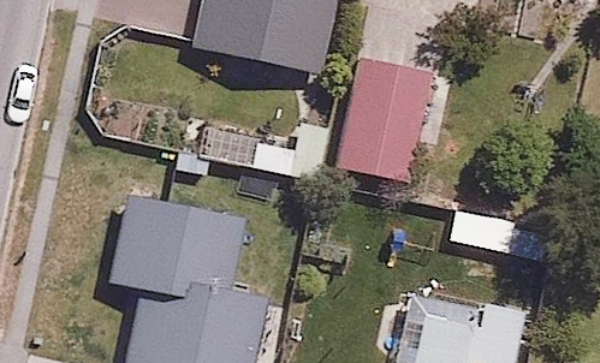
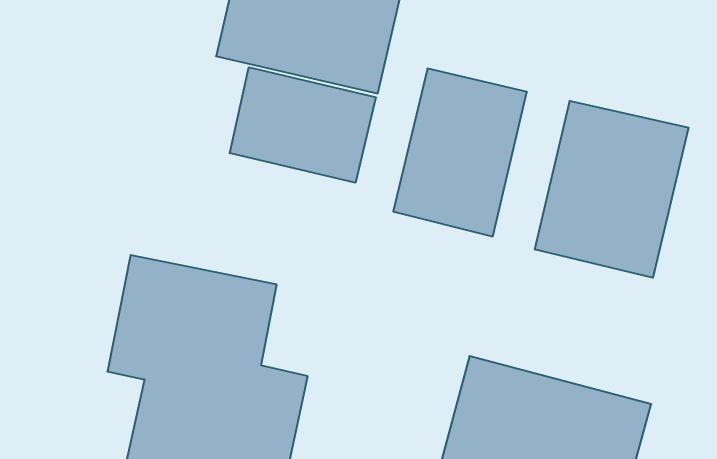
building: none -> [230,67,376,183]
building: none -> [535,101,689,278]

